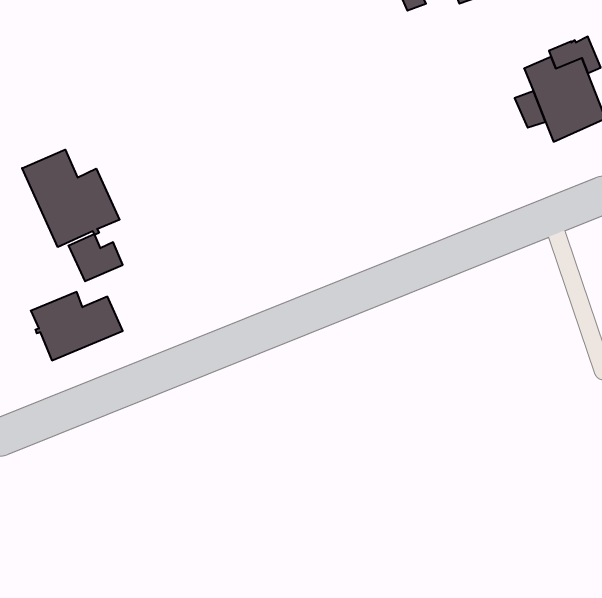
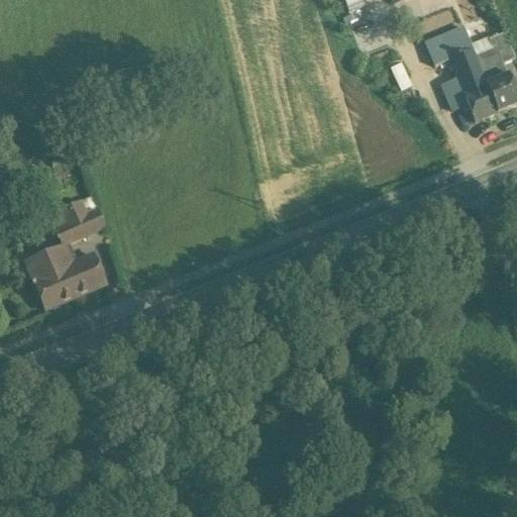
building: none -> [425,25,473,65]
building: [22,150,120,247] -> none

